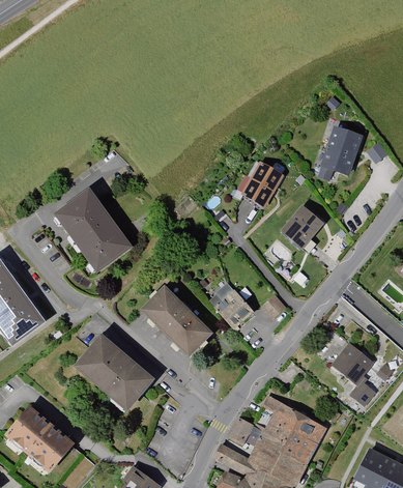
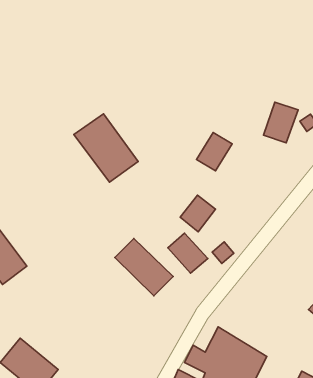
building: [57,193,134,275] -> [74,114,138,182]
building: [280,205,322,249] -> [180,195,216,232]
building: [77,336,156,413] -> none
building: [329,343,376,408] -> none

